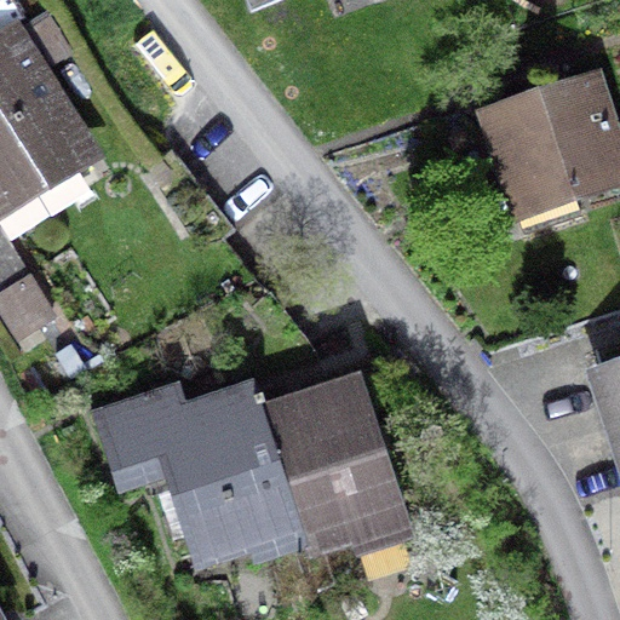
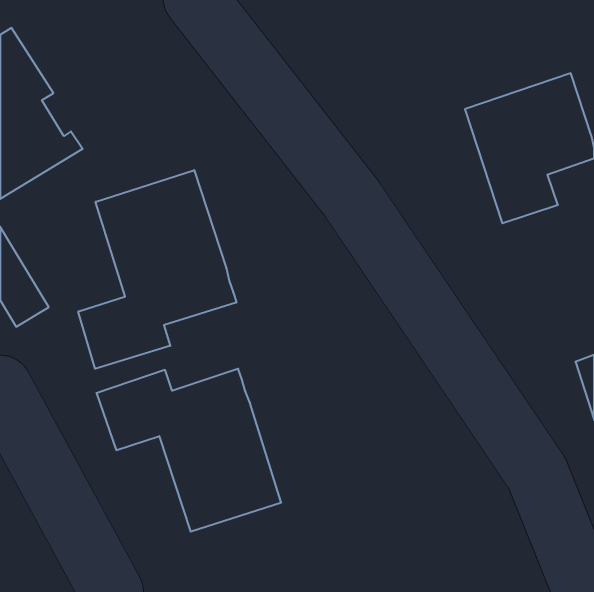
building: none -> [78,170,236,369]
building: [248,377,395,544] -> none

